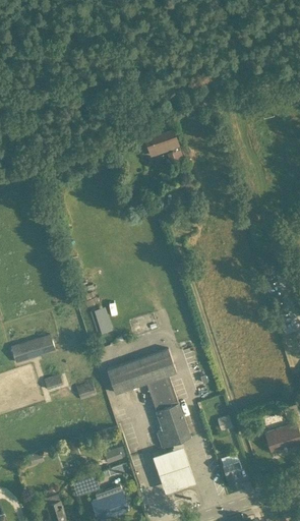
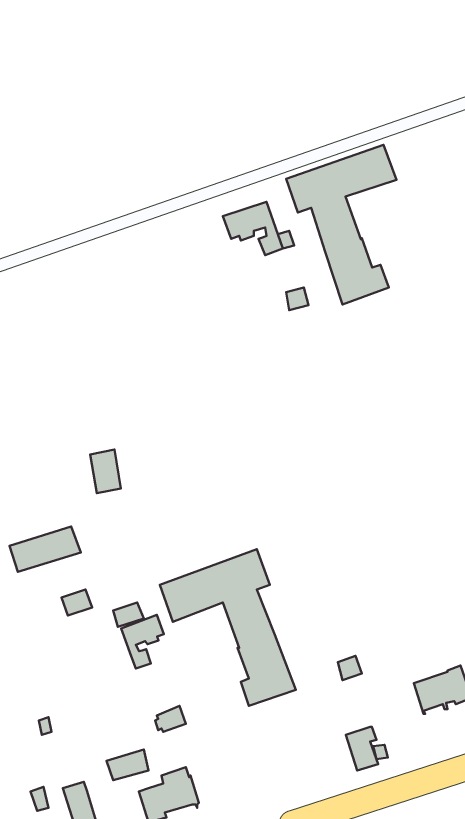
building: none -> [286,145,396,305]
building: [92,306,111,334] -> [90,450,121,493]
building: none -> [121,615,164,669]
building: [152,446,194,491] -> none

